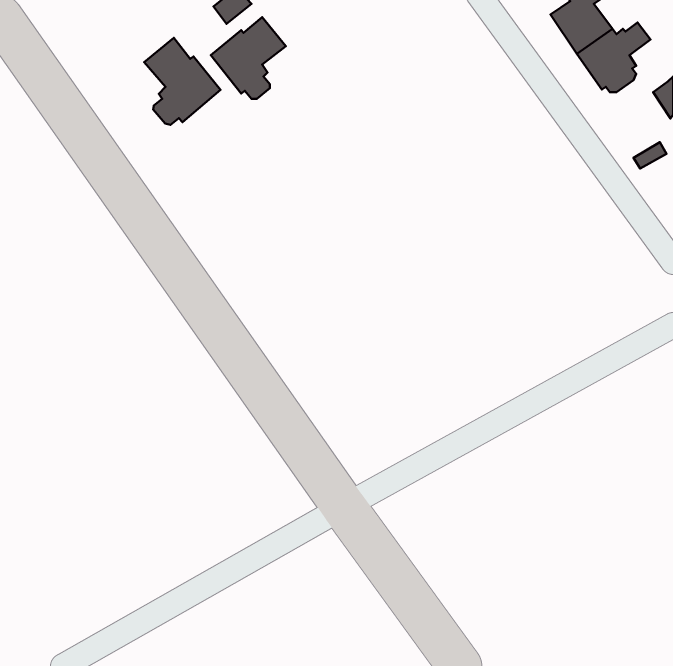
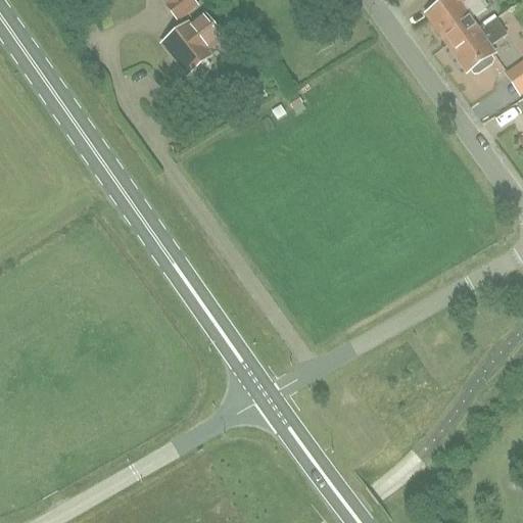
building: [144,38,220,125] -> none

